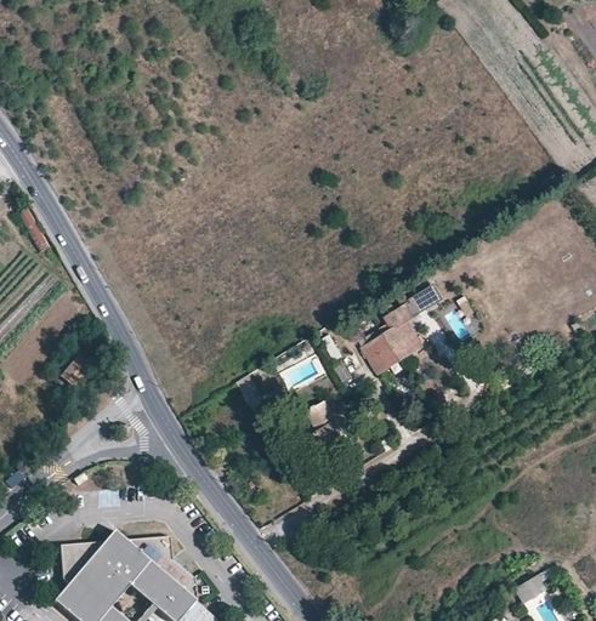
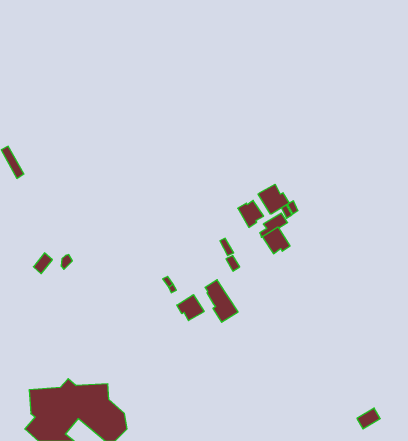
building: none -> [258,184,289,214]
building: [364,335,401,372] -> [238,200,264,227]
building: none -> [177,295,204,321]

